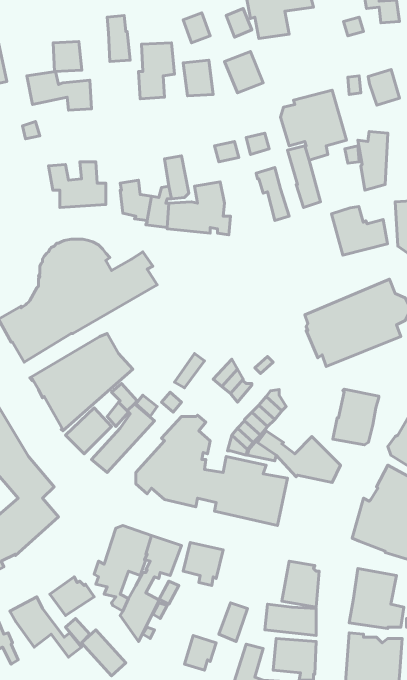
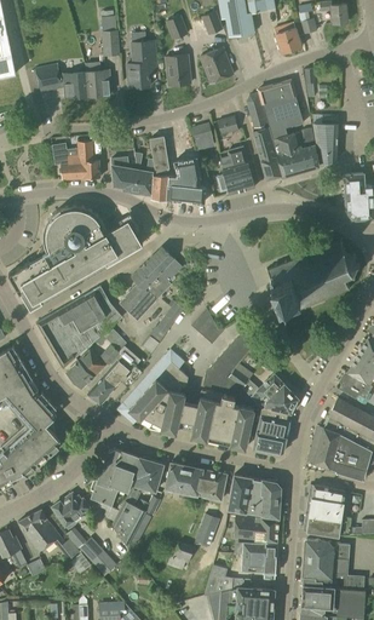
building: [53,41,82,72] -> [86,70,110,96]
building: [368,69,400,105] -> [274,22,300,52]
building: none -> [215,155,242,194]
building: [331,207,387,255] -> [271,133,318,174]
building: none -> [119,246,182,320]
building: [333,389,379,445] -> [252,406,290,453]
building: none -> [192,469,226,500]
building: none -> [226,473,254,513]

